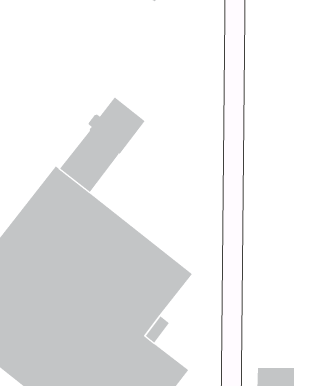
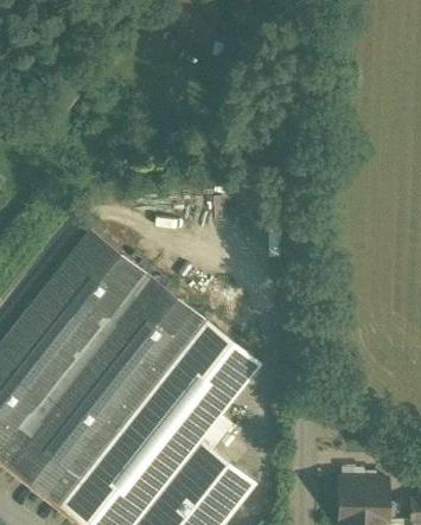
building: [59,97,145,193] -> none

